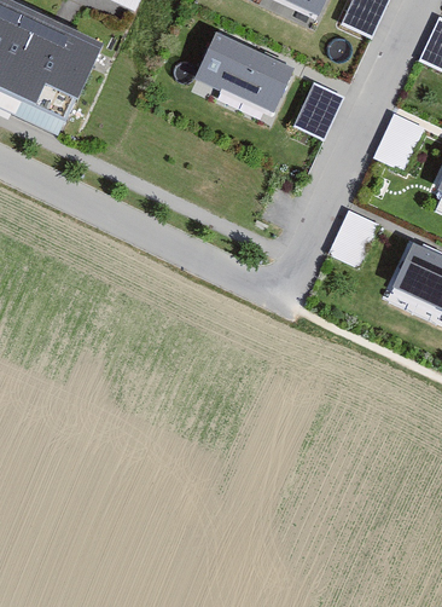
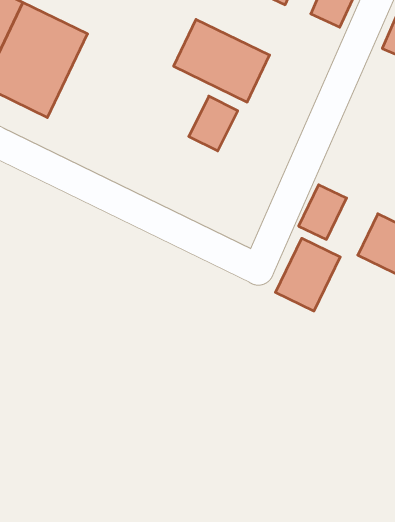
building: [291,81,344,140] -> [189,96,238,151]
building: [373,112,425,172] -> none
building: none -> [275,238,340,311]

